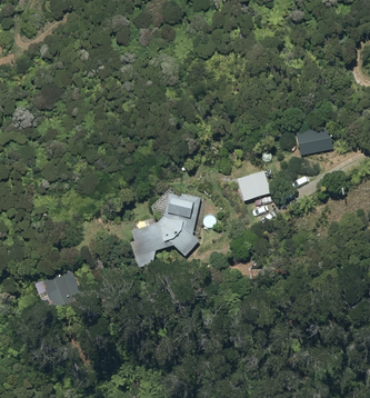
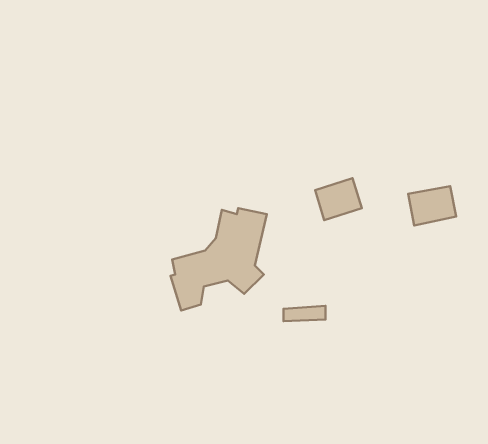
building: [302,125,338,153] -> [408,186,456,225]
building: [41,271,80,310] -> none

